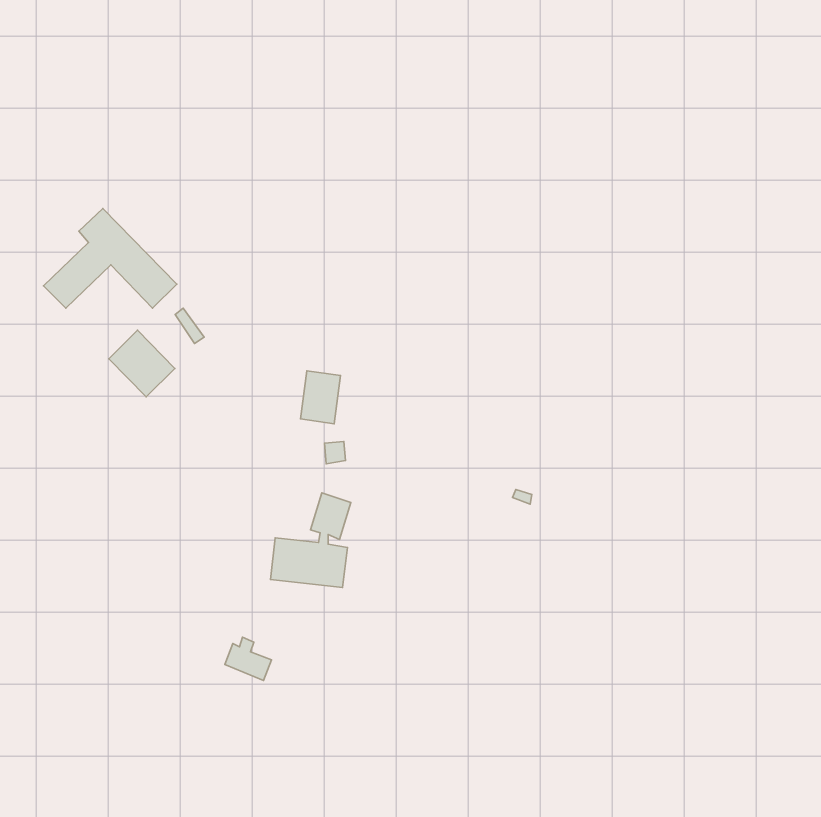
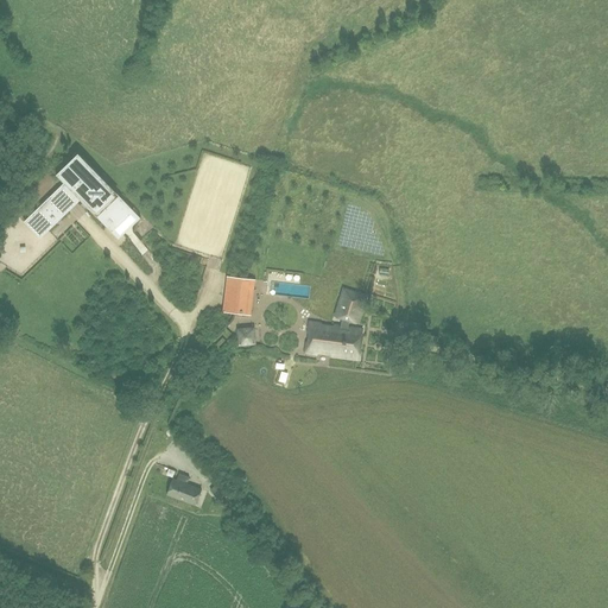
building: [109,330,175,397] -> none
building: [270,493,351,588] -> [305,287,365,357]

